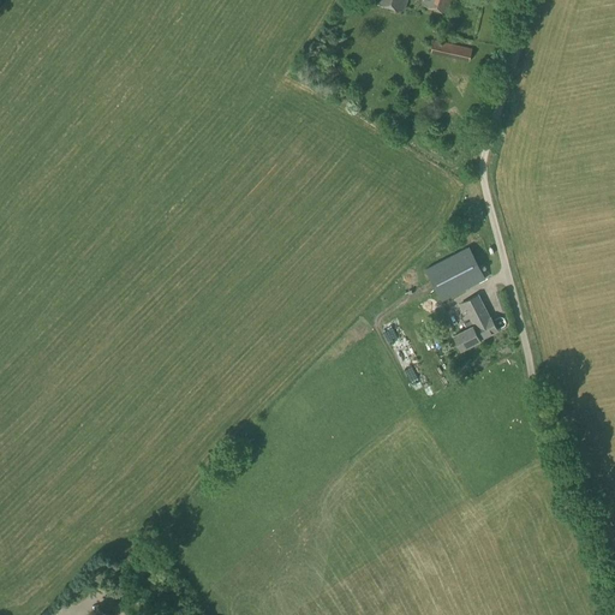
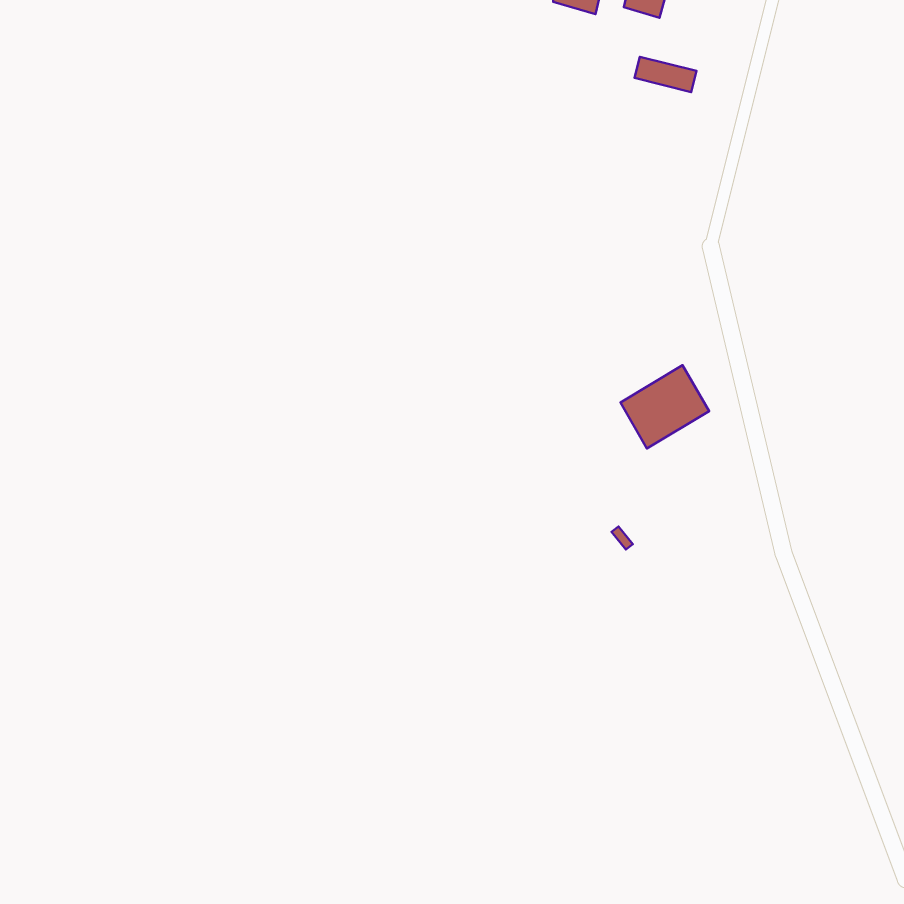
building: [455,294,498,348] -> none

